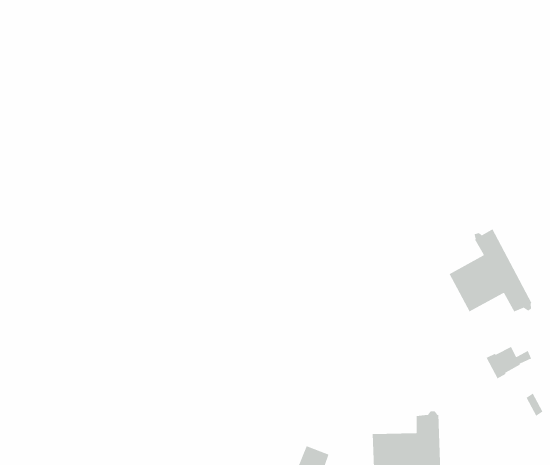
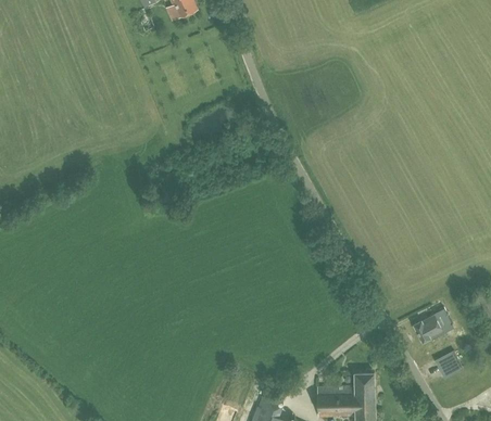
building: [448,228,533,313] -> none

